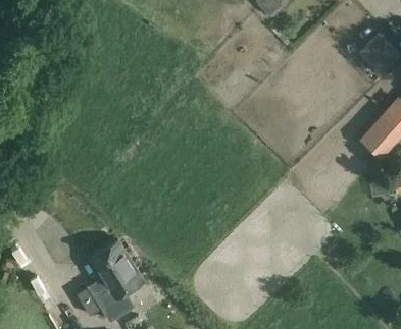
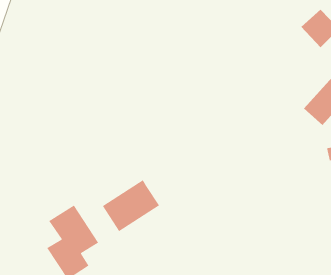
building: none -> [102,179,160,232]

